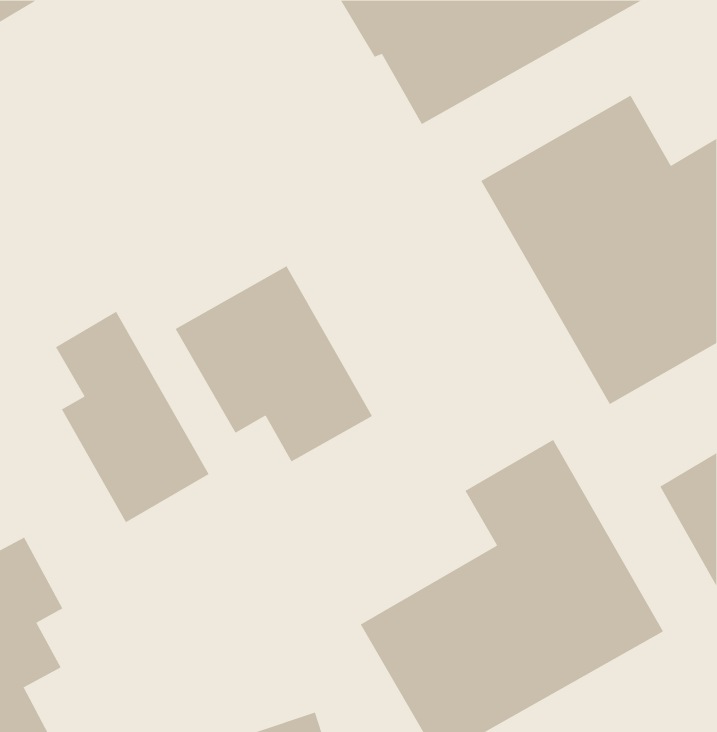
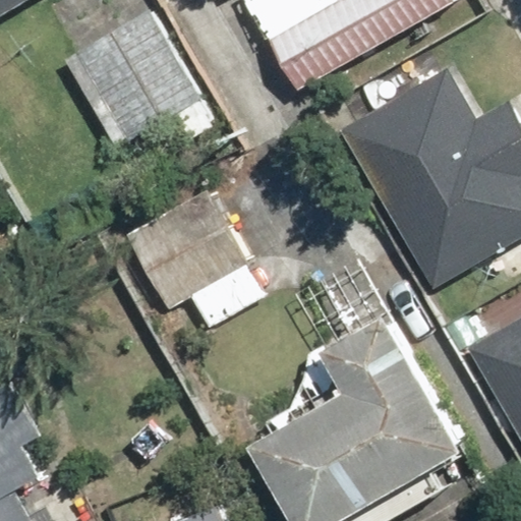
building: none -> [62,8,217,146]
building: [55,311,210,523] -> none

